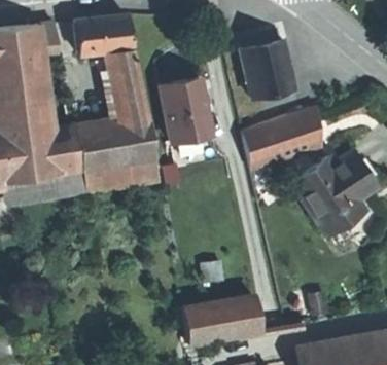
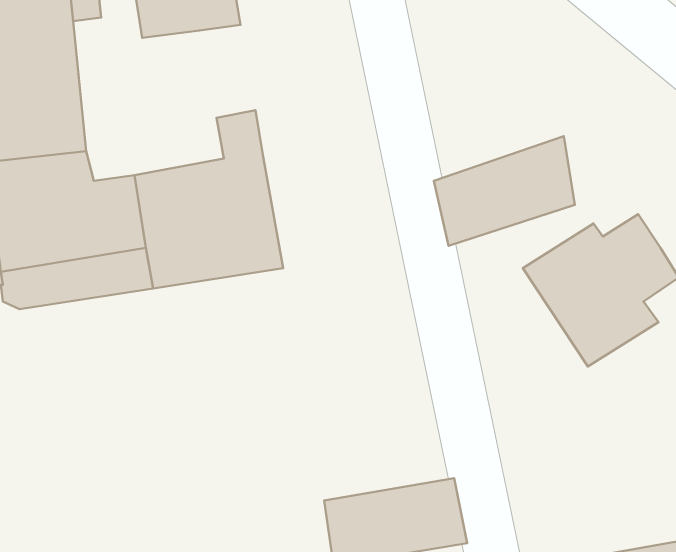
building: [242,37,294,100] -> none
building: [112,46,143,98] -> none
building: [161,80,214,158] -> none

